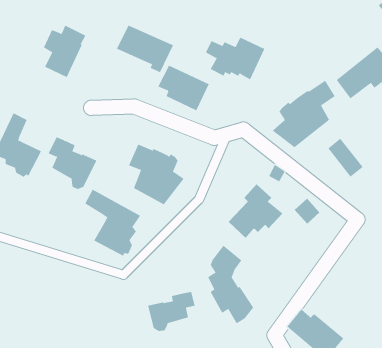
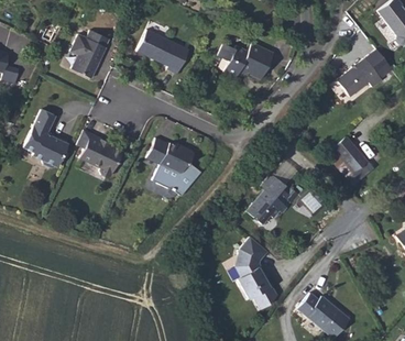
building: [158,65,209,111] -> none
building: [272,80,336,148] -> none
building: [85,189,141,256] -> none
building: [148,291,195,332] -> none

